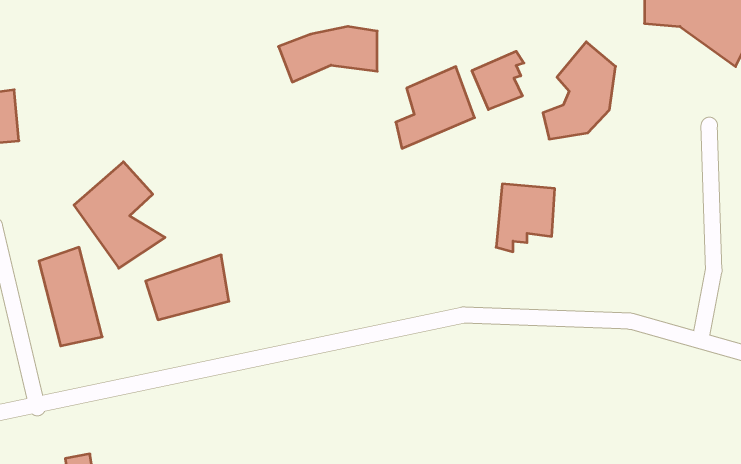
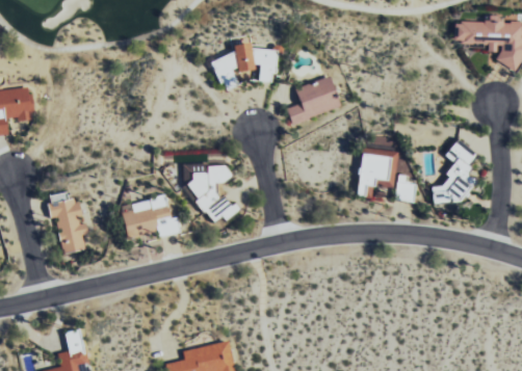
building: [543,42,616,139] -> [428,136,477,202]
building: [472,51,524,110] -> none
building: [74,162,165,268] -> [184,154,245,226]
building: none -> [396,177,415,203]

